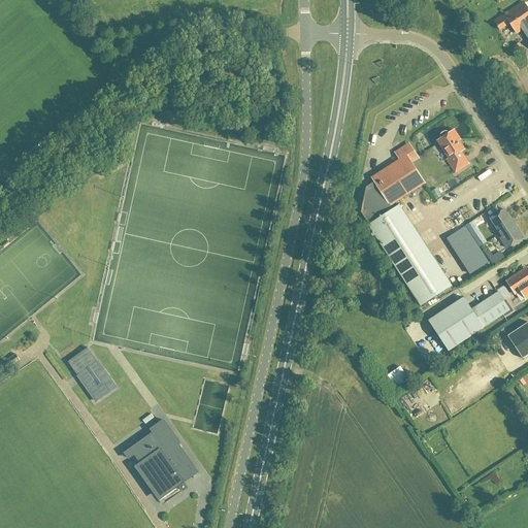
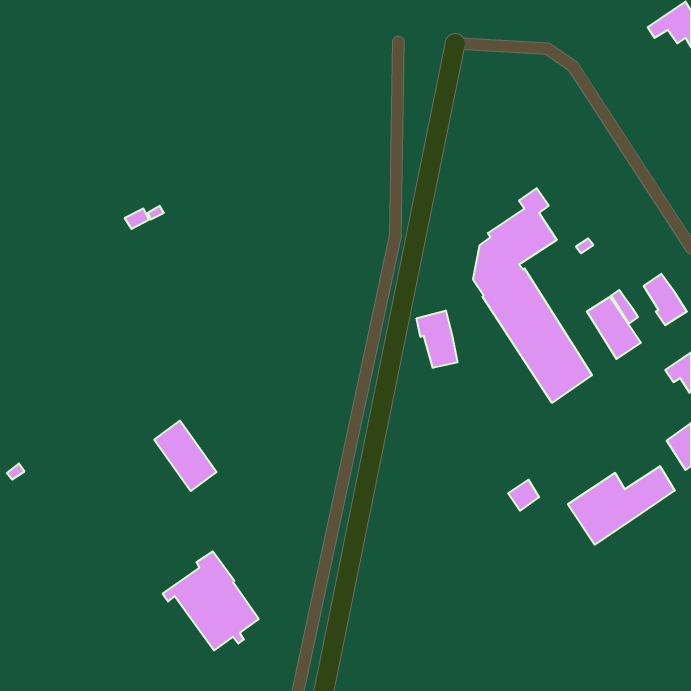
building: [437,130,468,172] -> none
building: none -> [417,310,458,368]
building: [427,291,508,351] -> [568,466,675,545]
building: [67,346,114,400] -> [154,421,217,491]

